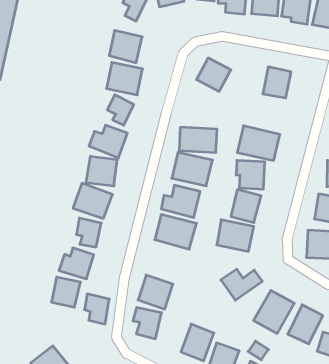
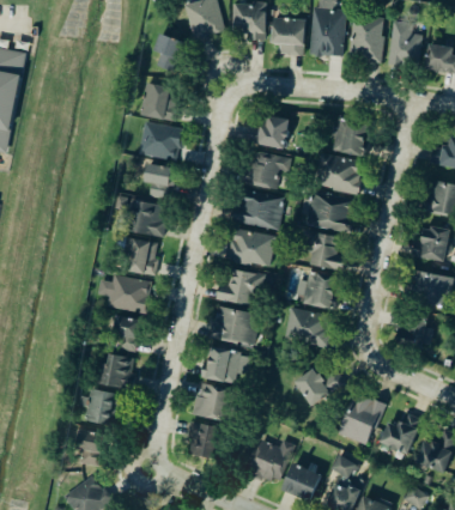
building: none -> [239,150,283,190]
building: none -> [315,153,362,194]
building: none -> [202,347,242,385]
building: [84,294,109,324] -> [75,430,105,466]

